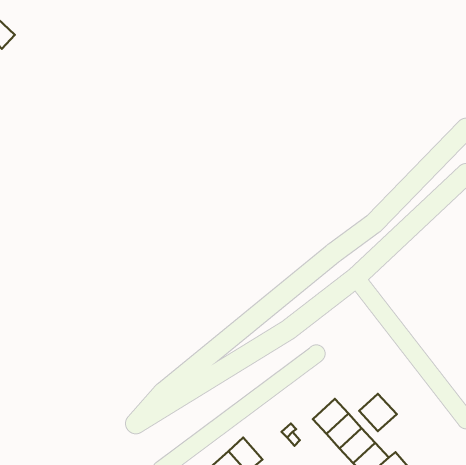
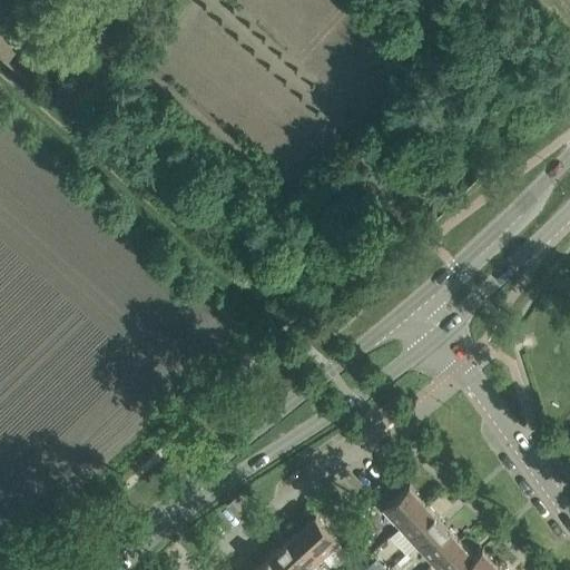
building: [359,394,397,431] -> none
building: none -> [295,519,337,562]

